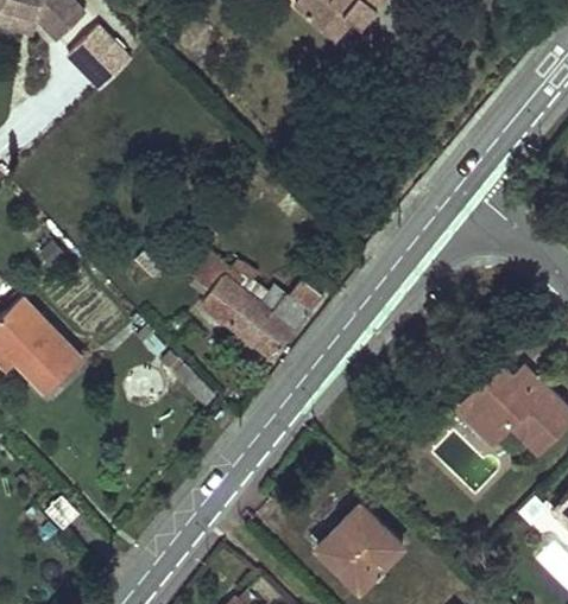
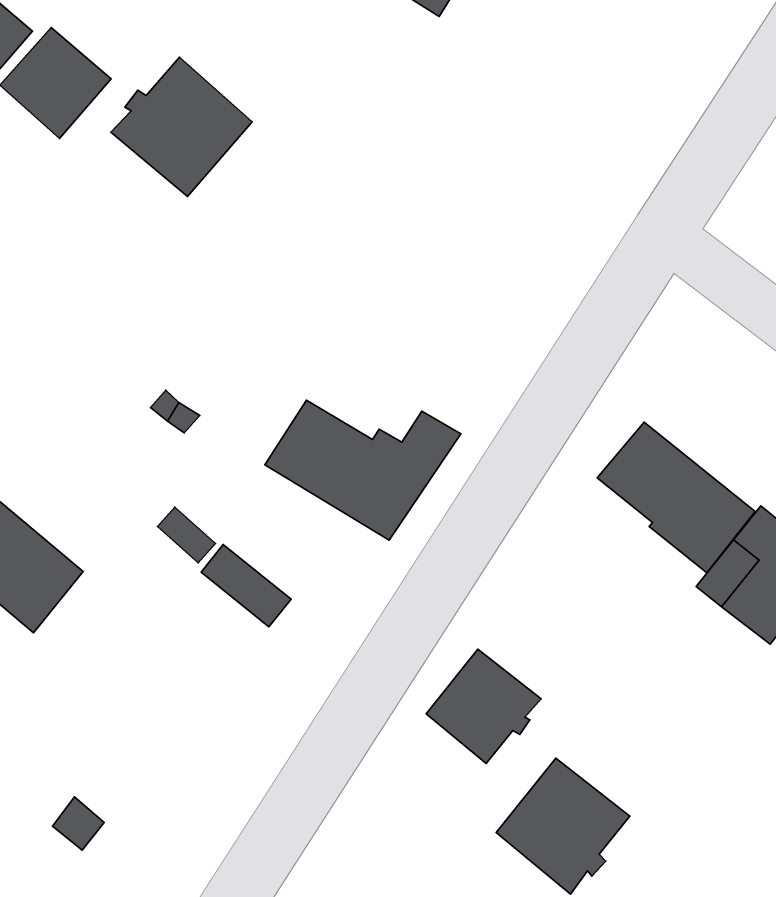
building: none -> [111,57,252,197]
building: none -> [597,422,755,573]
building: none -> [426,649,541,764]

